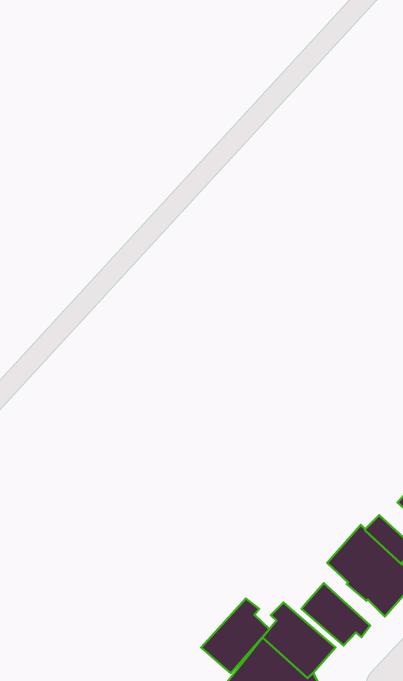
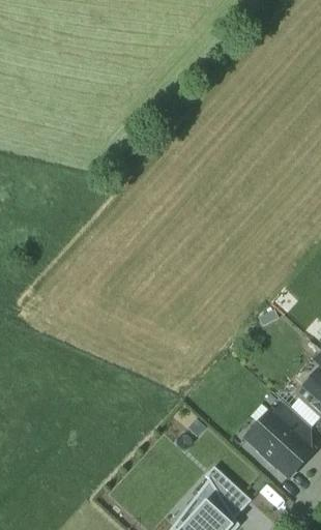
building: [302,583,370,645] -> none
building: [201,598,269,673] -> none

